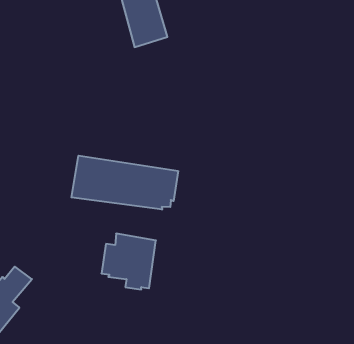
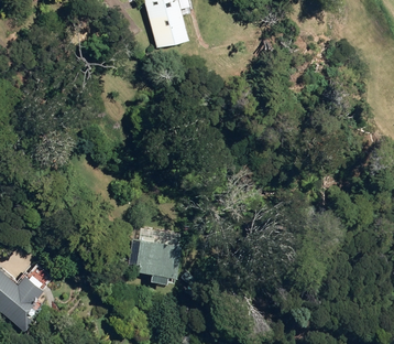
building: [71,156,178,210] -> none

